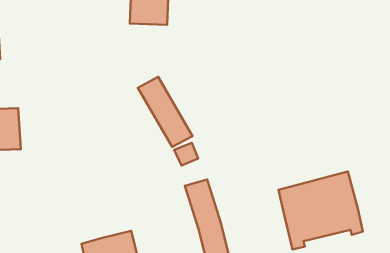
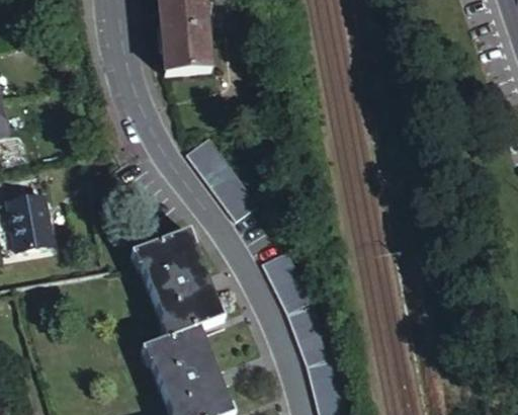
building: none -> [128,232,220,340]
building: [278,171,363,250] -> none

